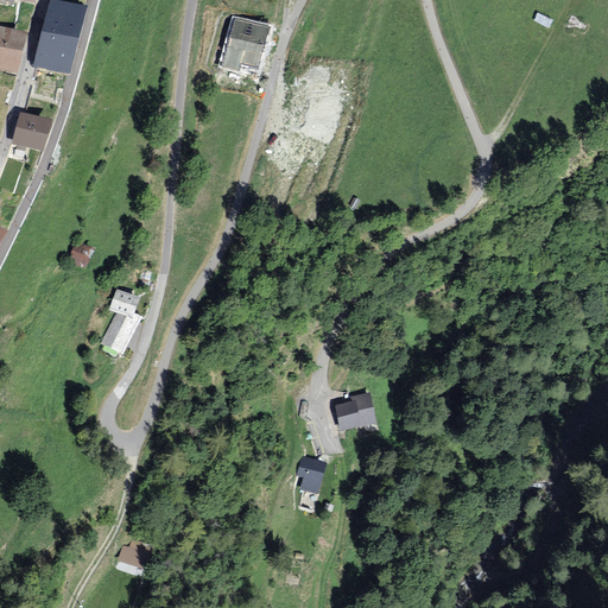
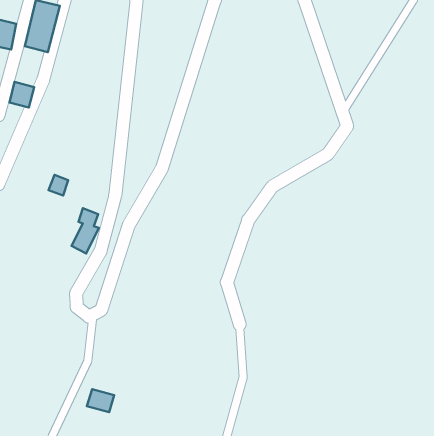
building: [221,18,265,68] -> none
building: [338,394,380,433] -> none
building: [297,457,323,493] -> none

